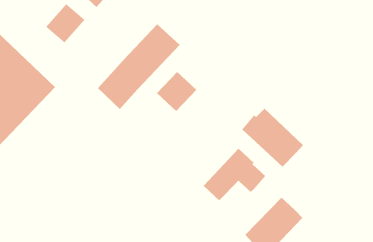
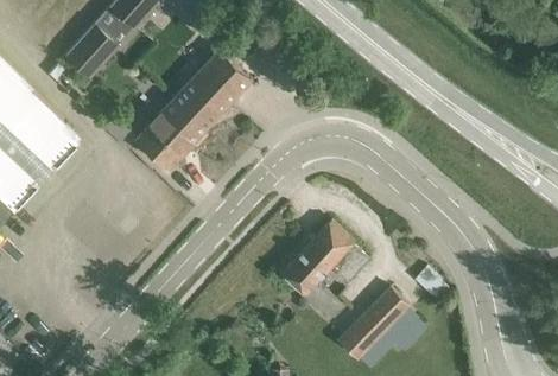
building: [156,71,197,112] -> none
building: [241,108,304,168] -> none

